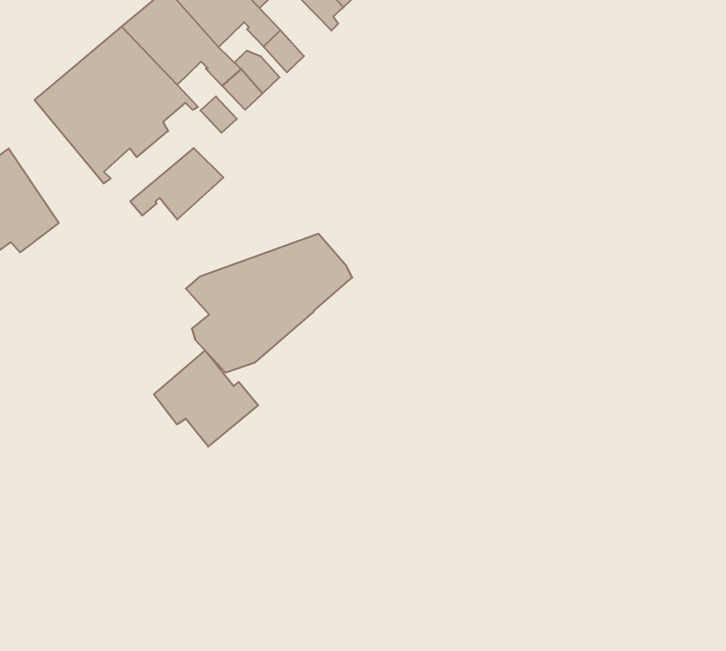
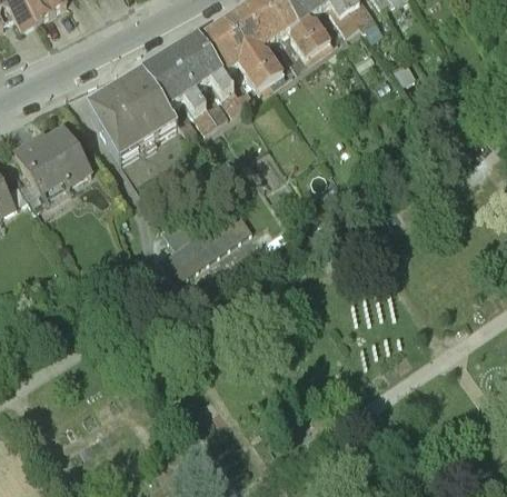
building: [130,148,223,220] -> none
building: [154,351,258,447] -> none

